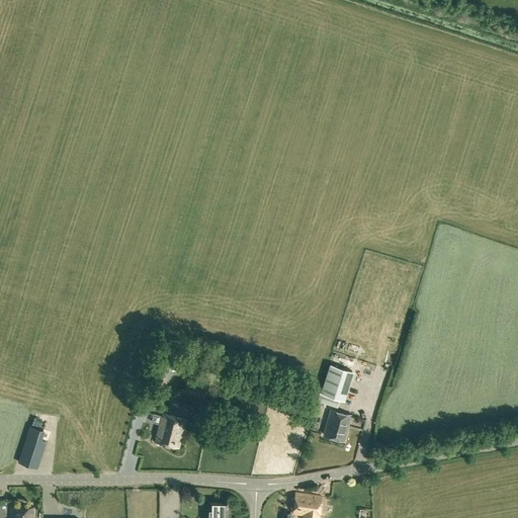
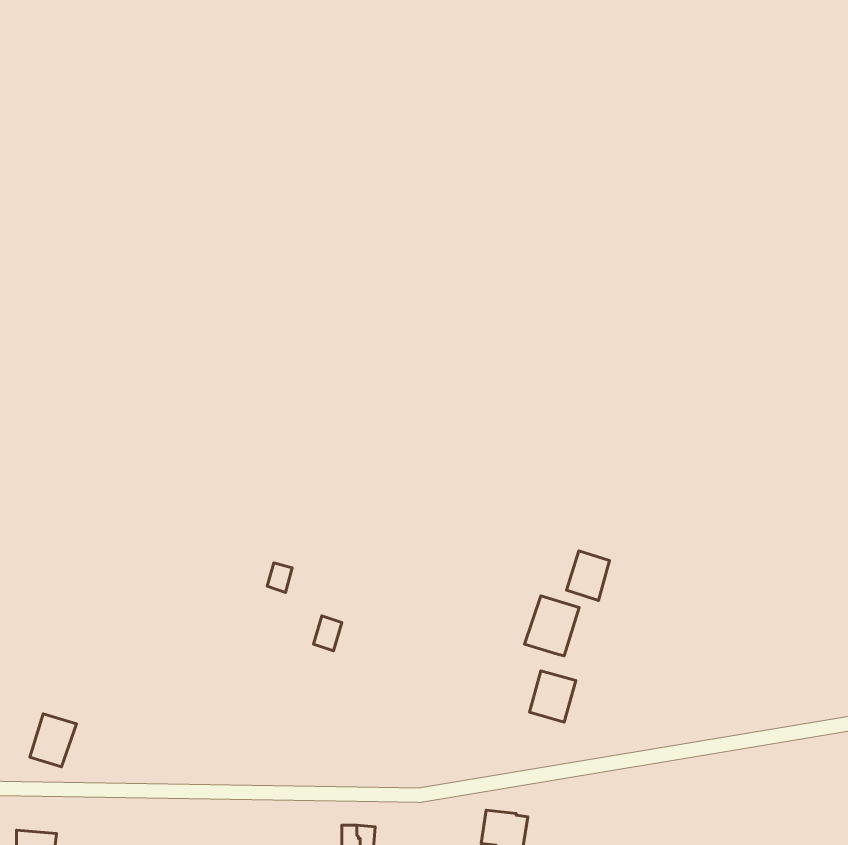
building: none -> [567,551,609,600]
building: [152,415,186,450] -> none

